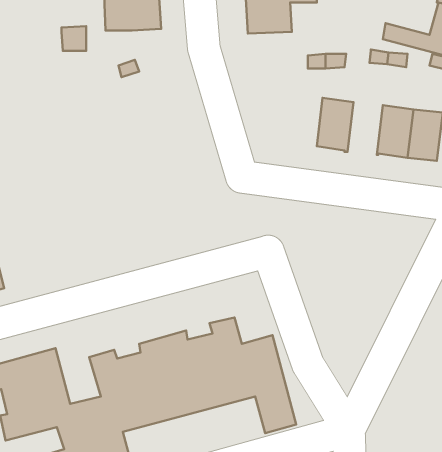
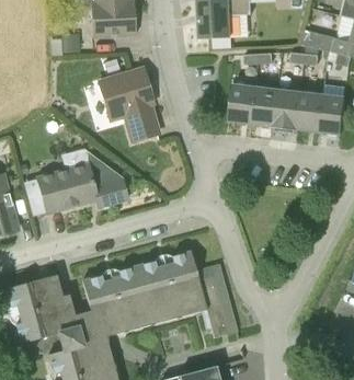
building: none -> [100,68,158,139]
building: none -> [229,84,255,123]
building: none -> [274,90,300,129]
building: none -> [36,148,127,214]

